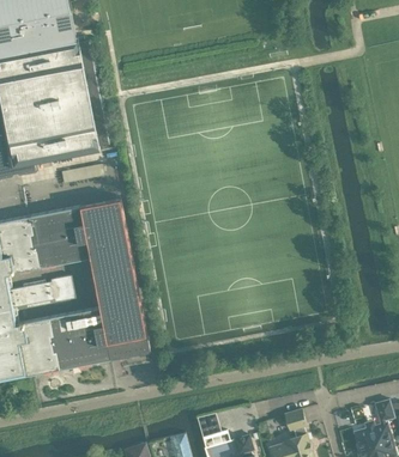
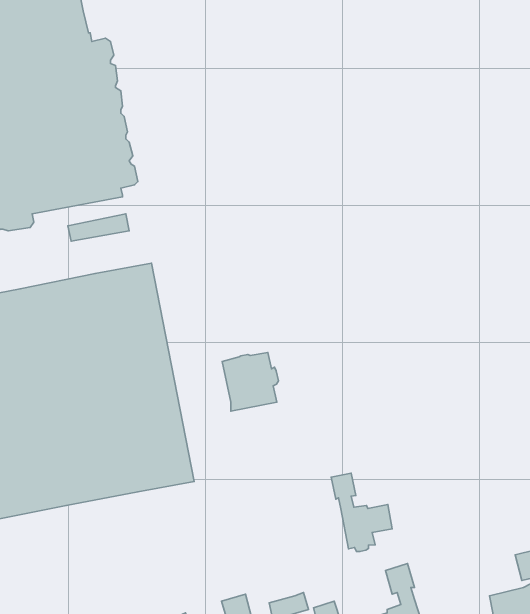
building: none -> [222,353,279,411]
building: none -> [331,473,392,552]

